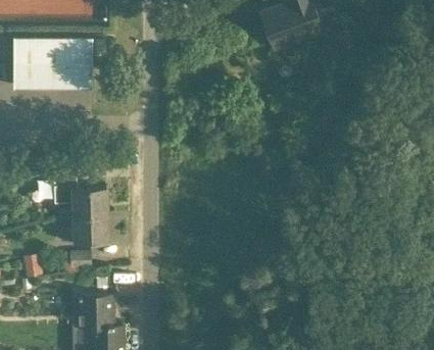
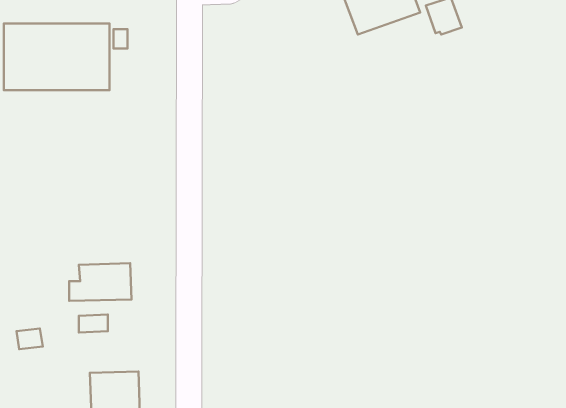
building: [53,171,106,216] -> none

